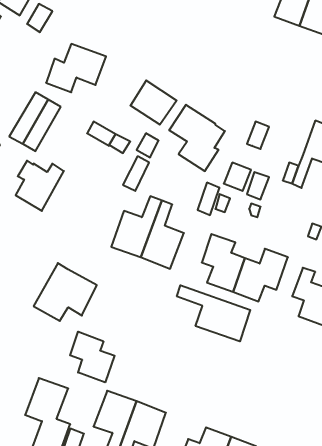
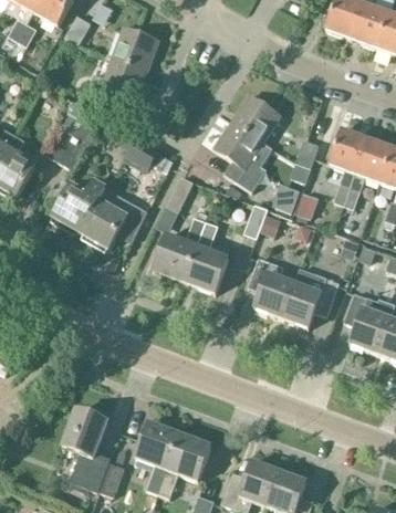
building: none -> [111,27,158,70]
building: [130,80,177,125] -> [231,94,280,140]
building: none -> [327,128,367,174]
building: [34,263,97,321] -> [80,187,146,248]
building: [177,285,250,341] -> none
building: [70,332,115,382] -> none

